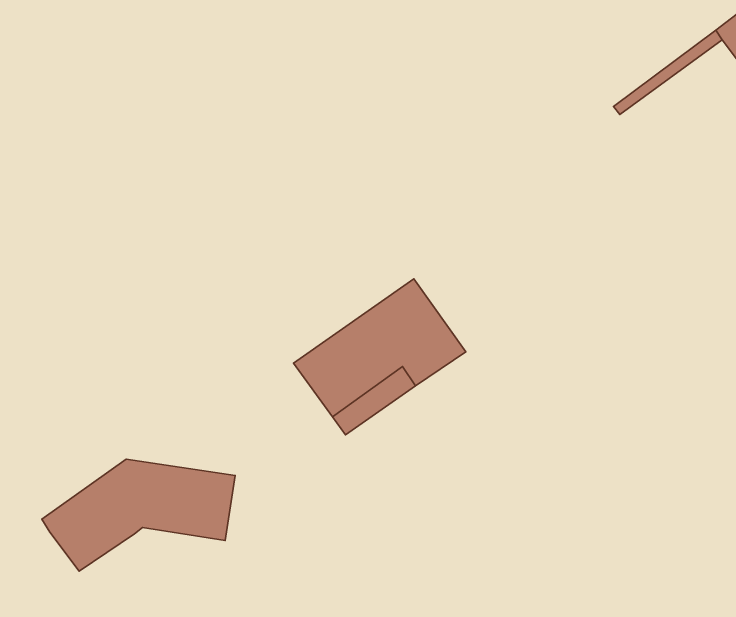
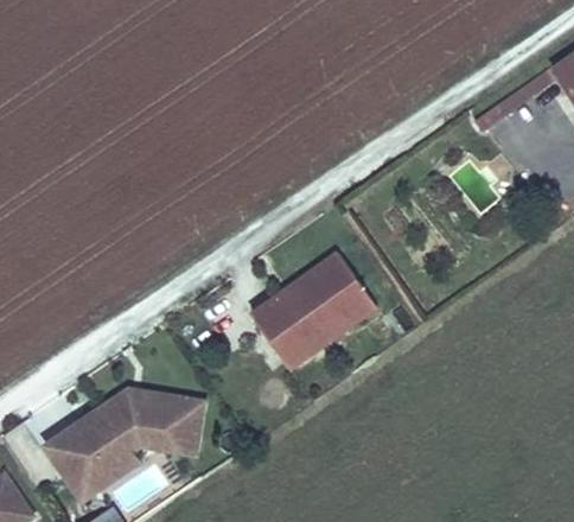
building: none -> [52,441,139,495]

